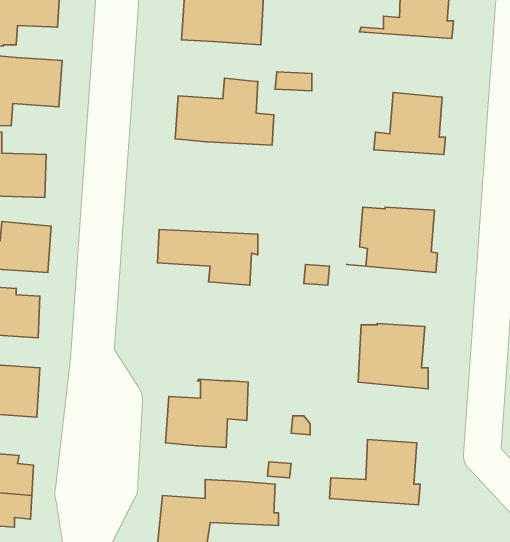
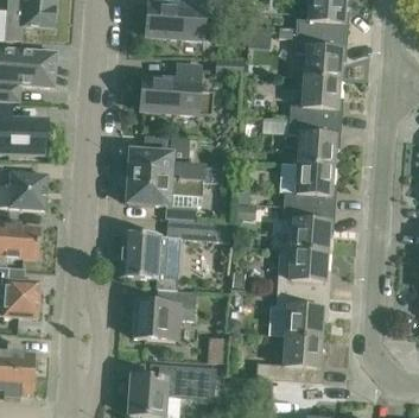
building: none -> [278,31,347,80]
building: none -> [287,119,341,164]
building: none -> [128,135,226,183]
building: none -> [267,204,335,251]
building: none -> [119,218,230,291]
building: none -> [275,292,329,337]

